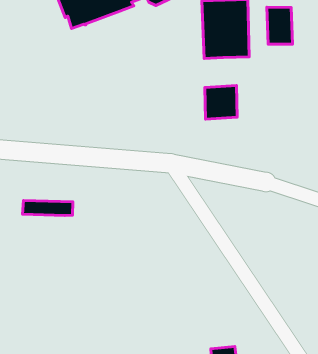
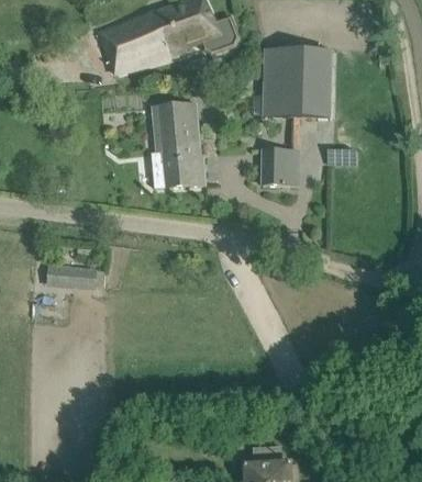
building: [267,7,292,44] -> none
building: none -> [151,102,203,188]

